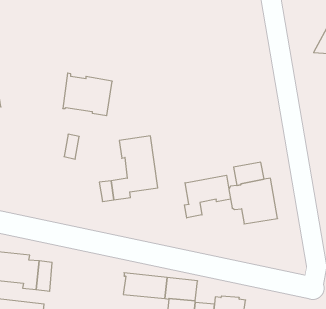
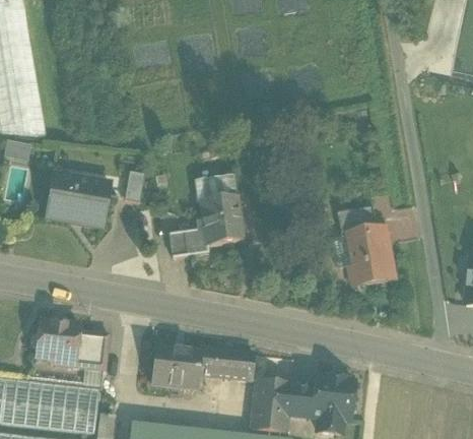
building: [63,73,112,116] -> [47,174,110,228]
building: [184,175,230,218] -> none
building: none -> [151,348,202,390]

